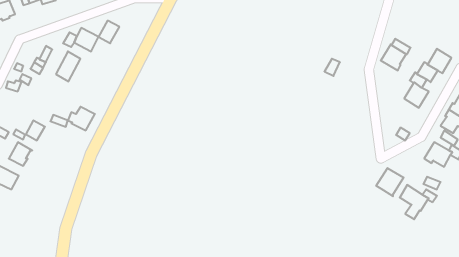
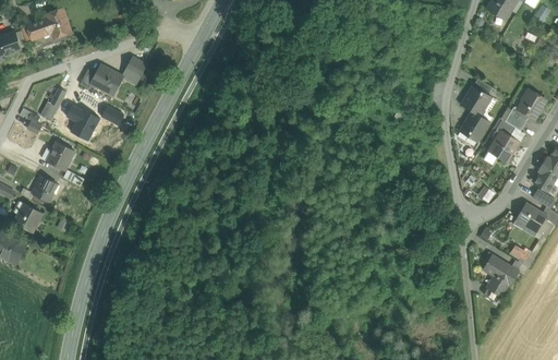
building: none -> [461,111,488,142]
building: [68,107,95,130] -> [41,142,74,170]
building: [376,168,404,196] -> none

